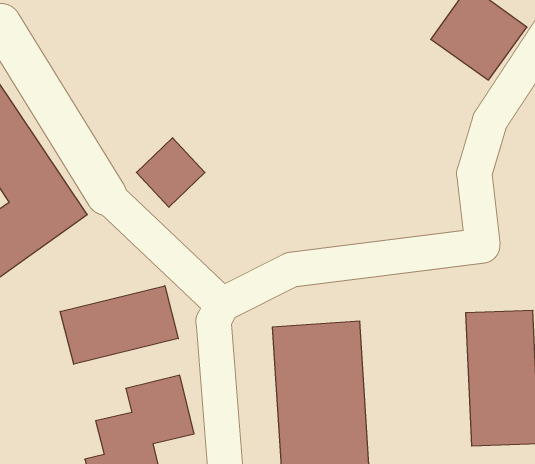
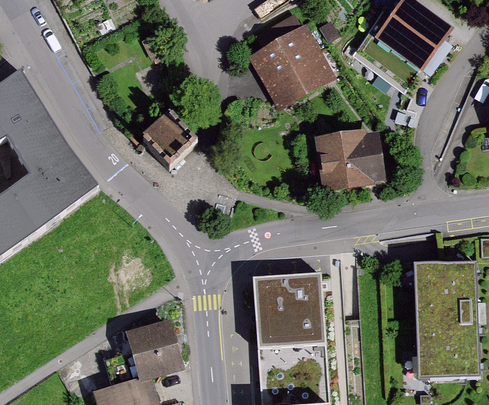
building: none -> [252,29,335,114]
building: none -> [326,131,391,187]
building: [60,286,178,364] -> none

